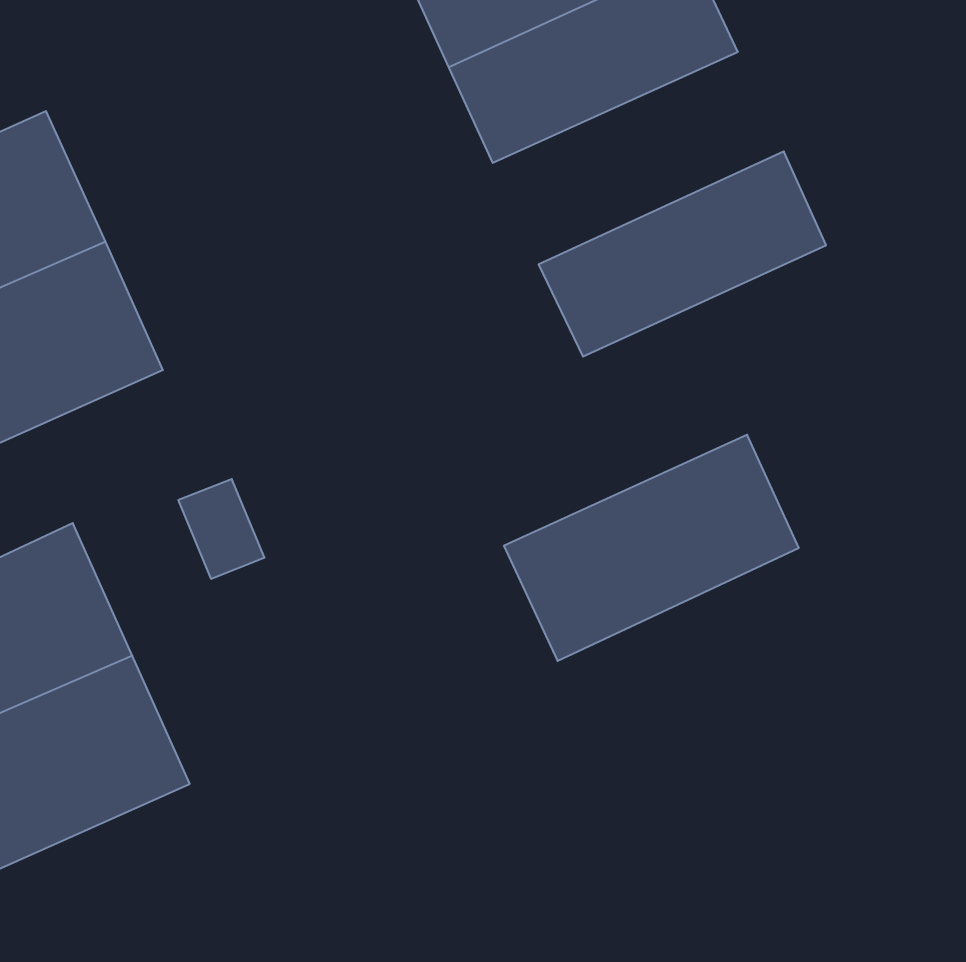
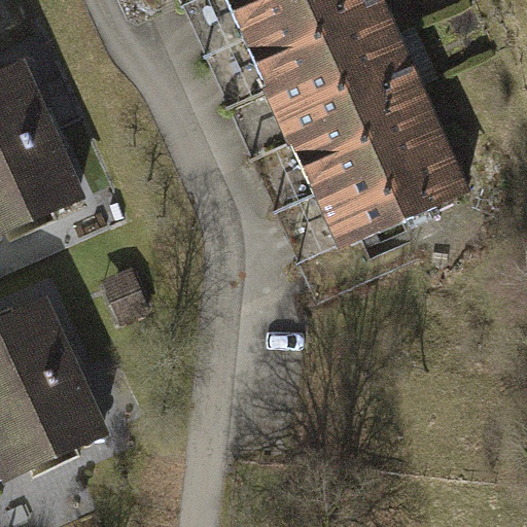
building: none -> [265,28,421,142]
building: [504,435,799,661] -> [313,132,471,253]

